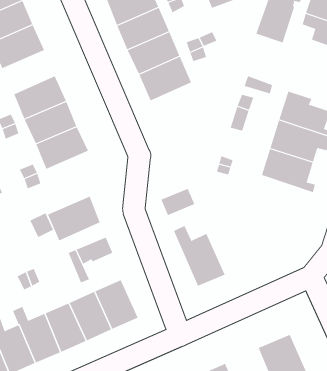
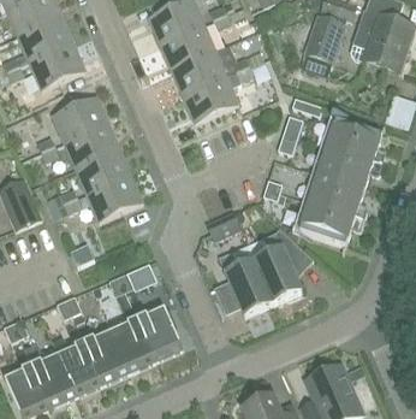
building: none -> [299,199,364,244]
building: [47,196,101,241] -> [87,173,142,220]
building: none -> [254,228,308,302]

